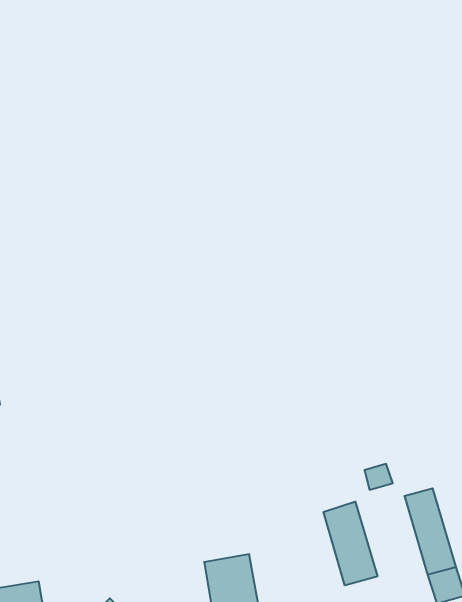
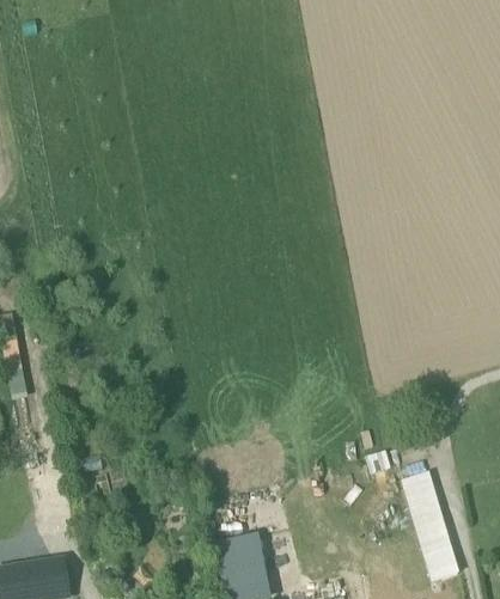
building: [323,502,377,585] -> none

